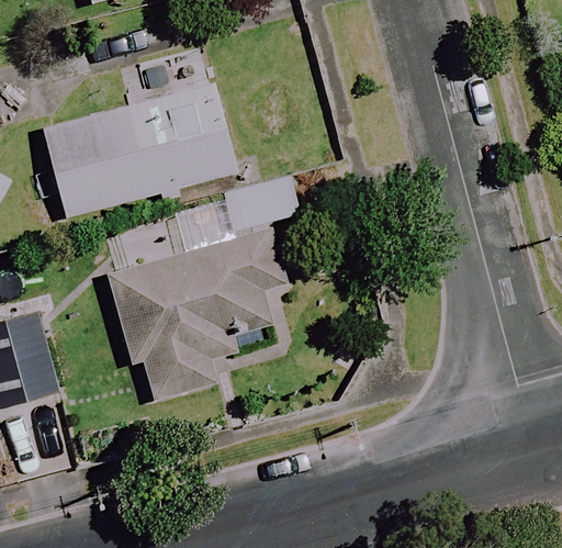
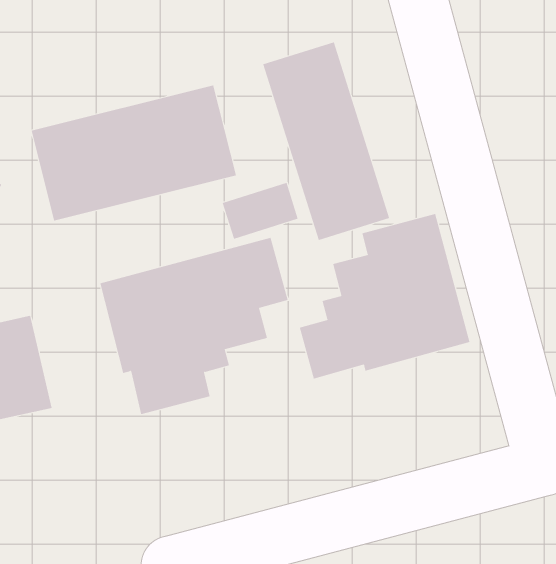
building: none -> [262,42,390,241]
building: none -> [299,213,470,380]

